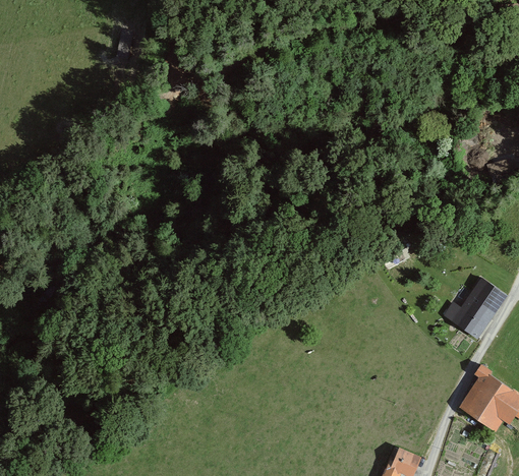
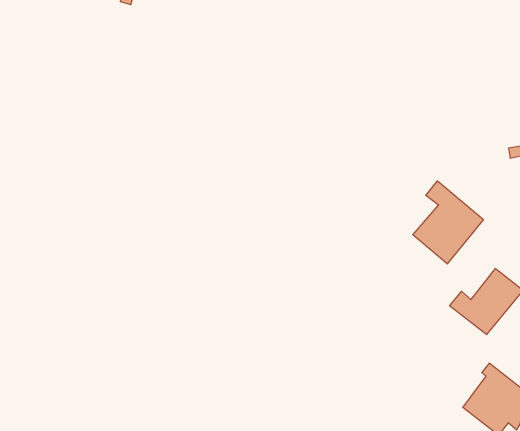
building: none -> [413,181,483,264]

